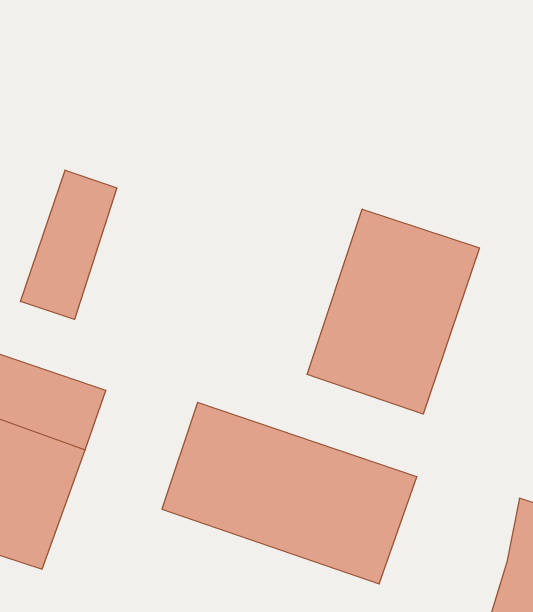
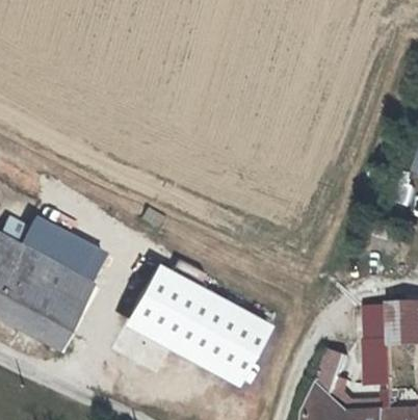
building: [20,170,117,319] -> none
building: [307,209,480,414] -> none

